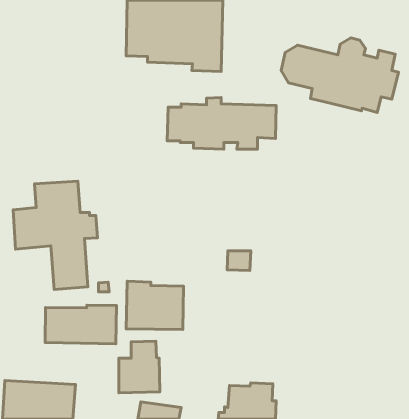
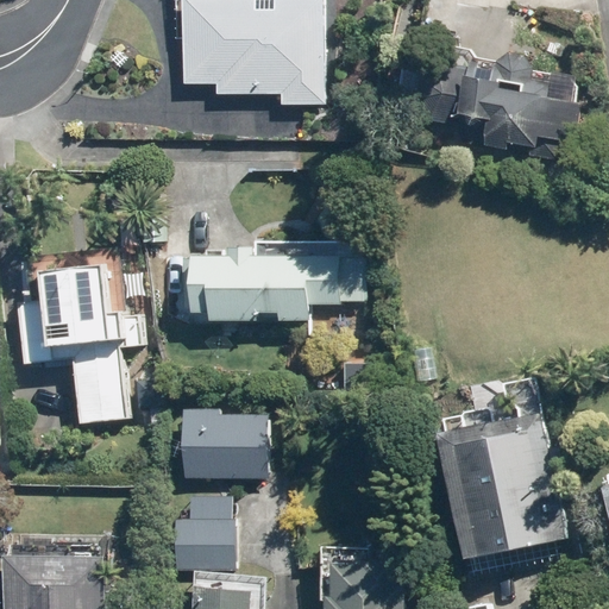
building: [167,97,276,149] -> [178,244,337,319]
building: none -> [451,413,561,553]
building: [45,305,117,344] -> none

